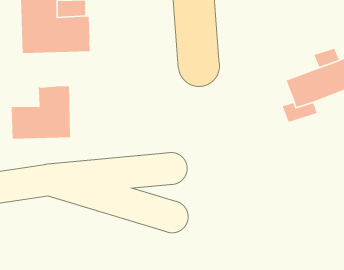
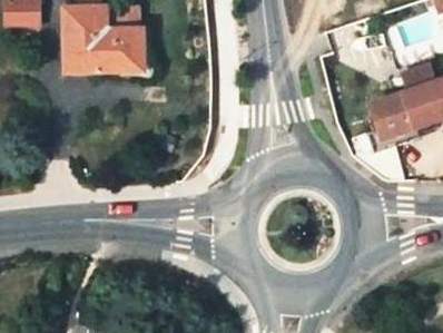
building: [11,85,71,140] -> none

